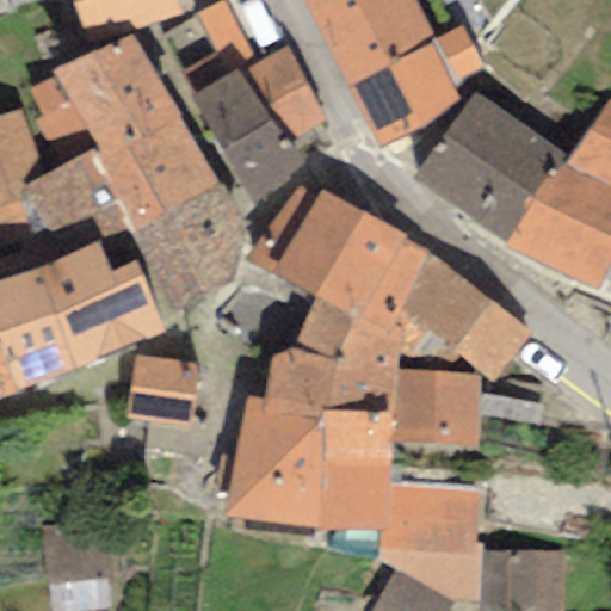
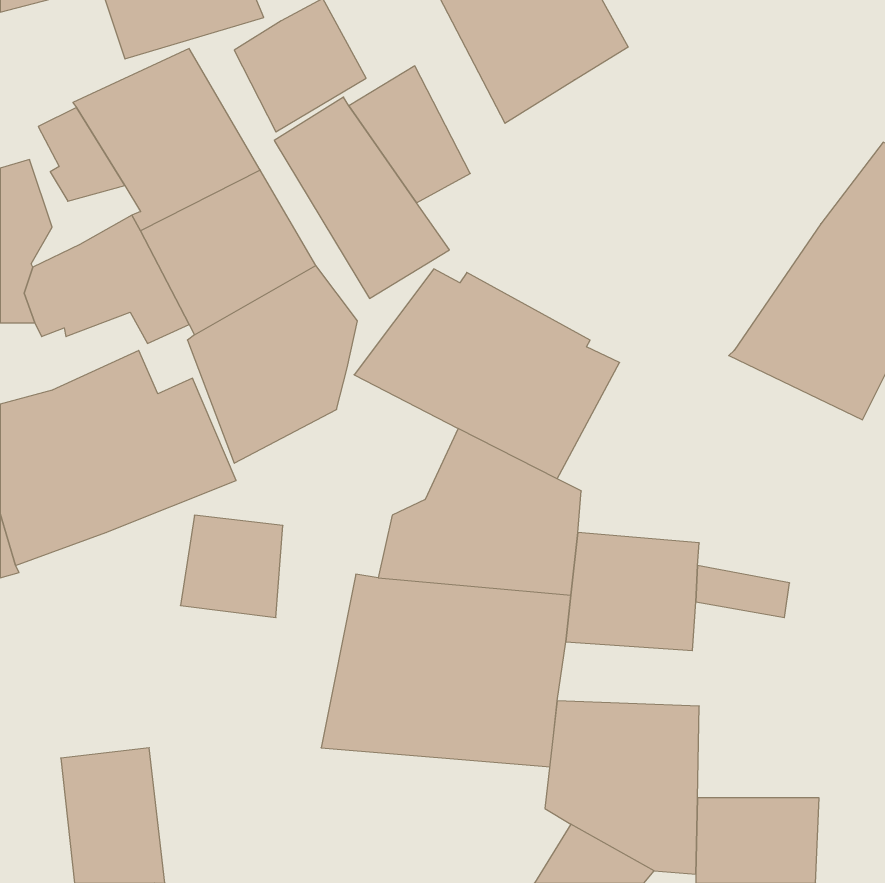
building: [348,26,482,146] -> none
building: [412,92,566,241] -> none
building: [384,249,531,382] -> none

